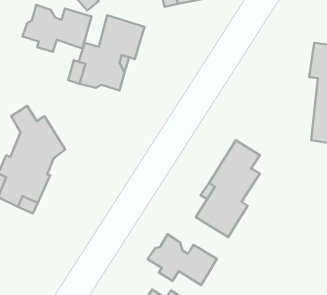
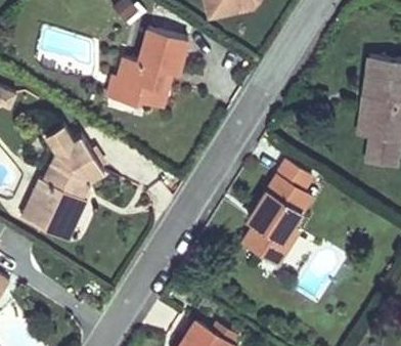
building: [22,5,92,52] -> none
building: [148,234,217,285] -> none

